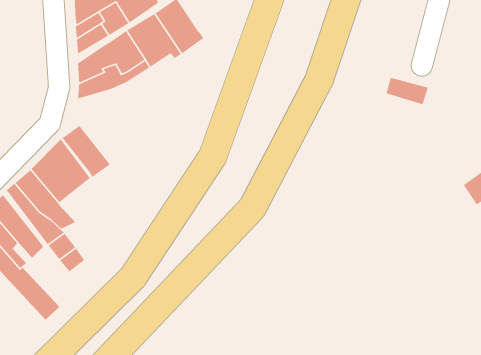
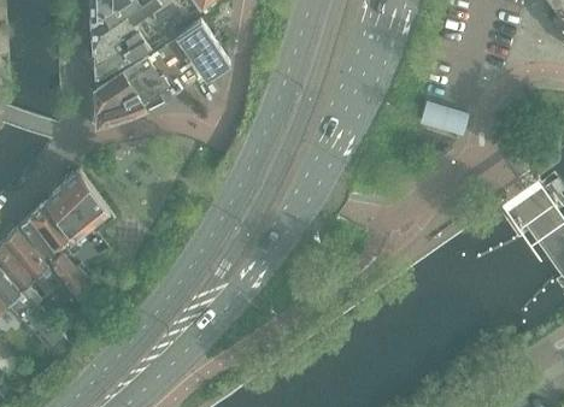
building: [61,125,111,178] -> none

